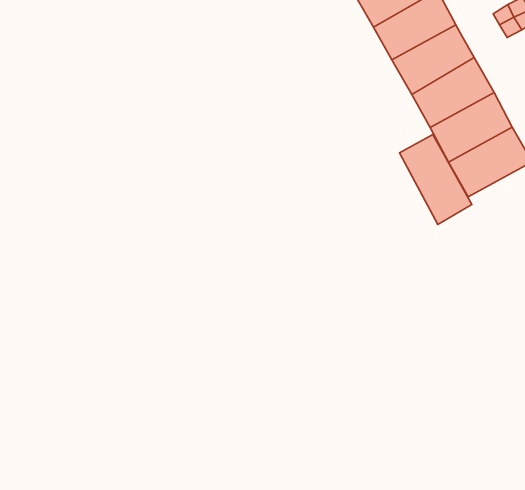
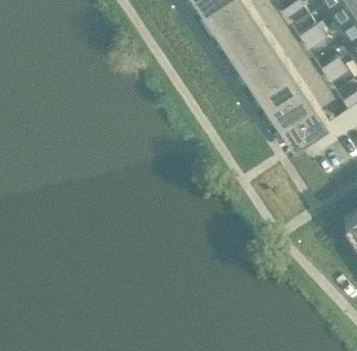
building: [399,134,472,224] -> none

